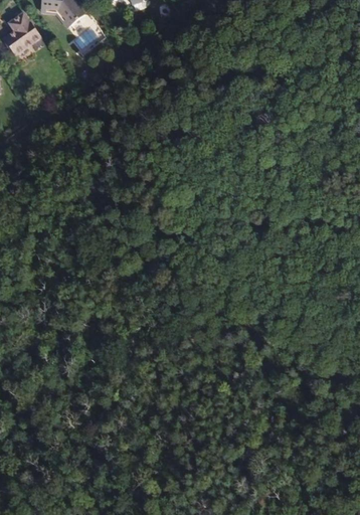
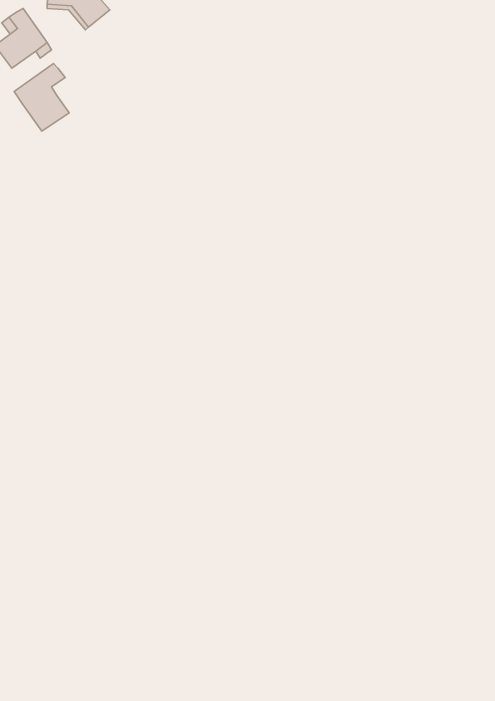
building: none -> [14,64,69,131]

